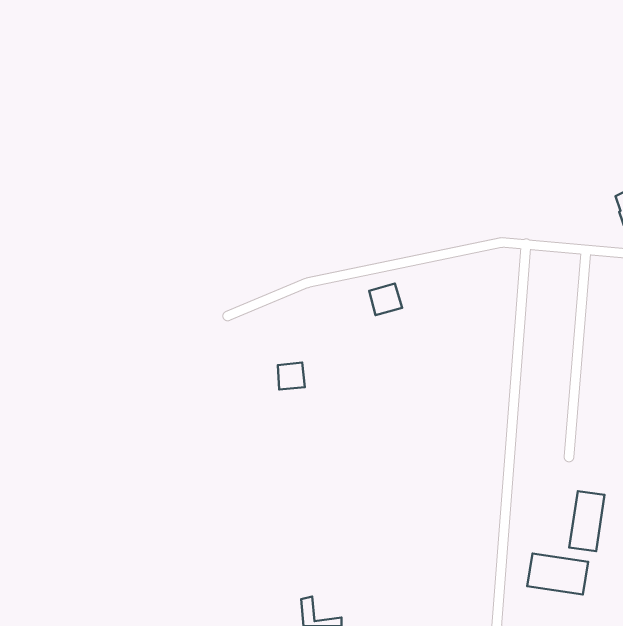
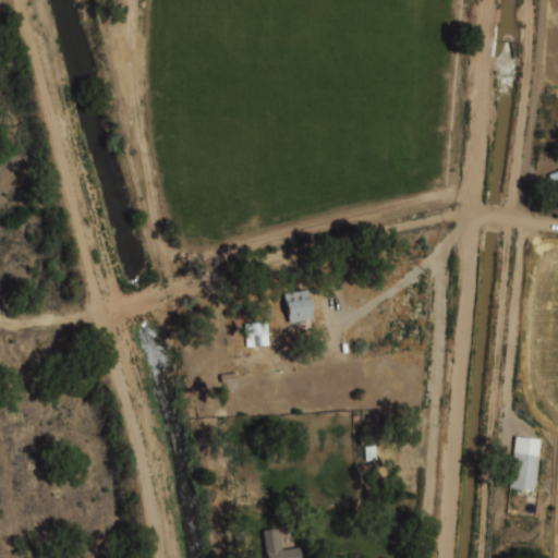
building: [369,283,402,315] -> [290,289,319,317]
building: [527,553,588,595] -> none

